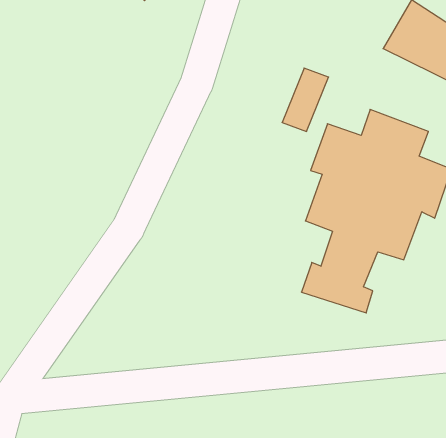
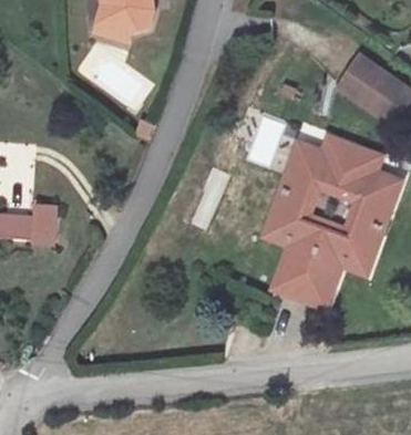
building: none -> [21,204,52,245]

